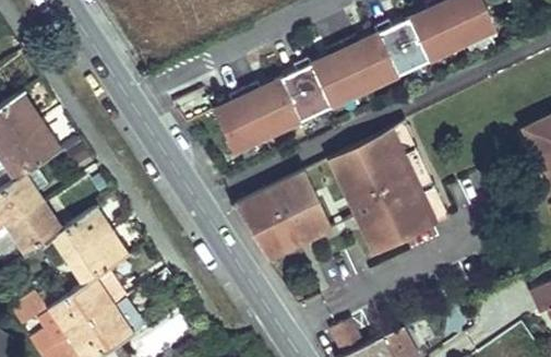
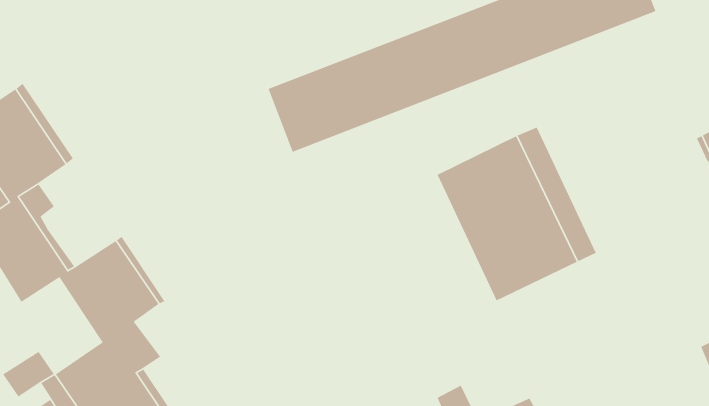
building: [235,169,348,261] -> none

